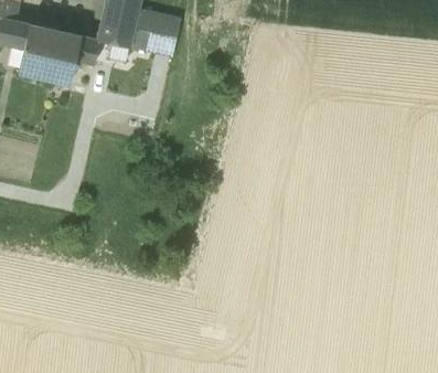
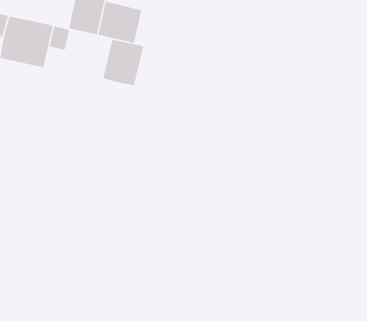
building: none -> [102,39,144,86]

